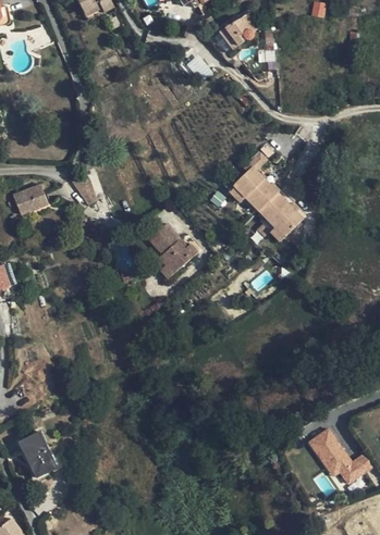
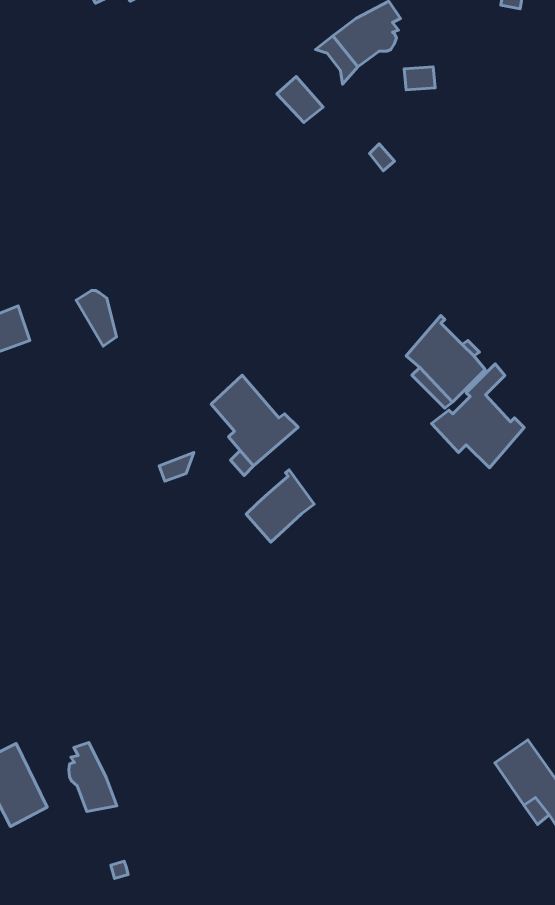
building: [226,153,279,212] -> [431,364,524,468]
building: none -> [246,470,314,542]
building: none -> [69,742,117,812]

